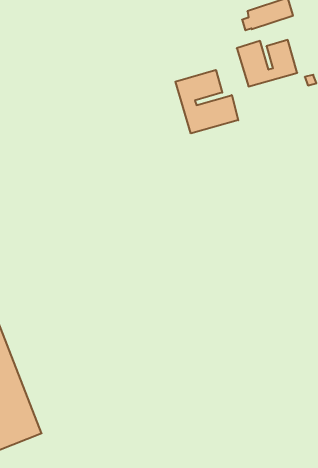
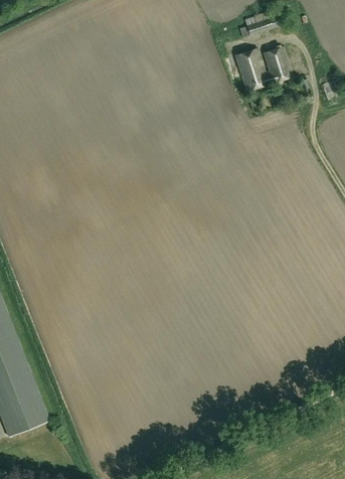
building: [175,70,238,133] -> none

